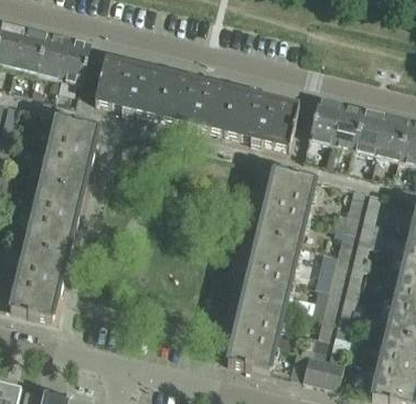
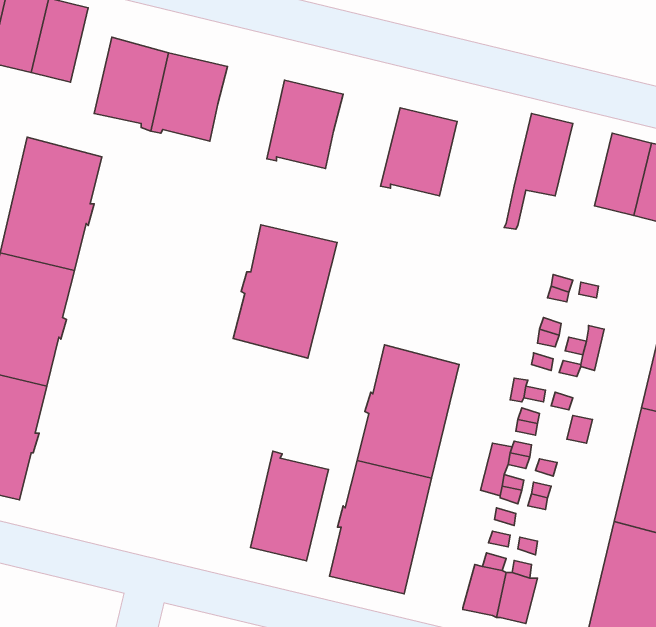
building: [159,73,201,125] -> none
building: [224,88,266,140] -> none
building: [308,94,340,140] -> none
building: [353,105,385,151] -> none
building: [257,166,316,241] -> [233,225,337,358]
building: none -> [251,451,329,561]

